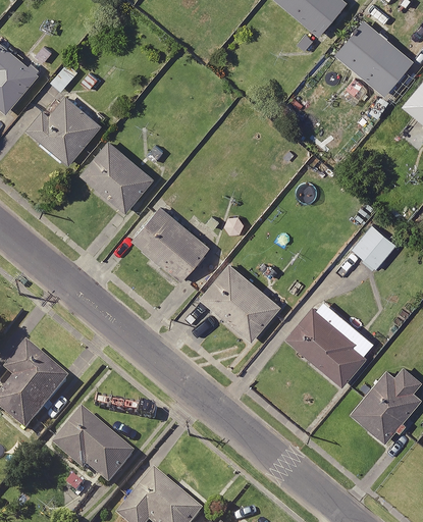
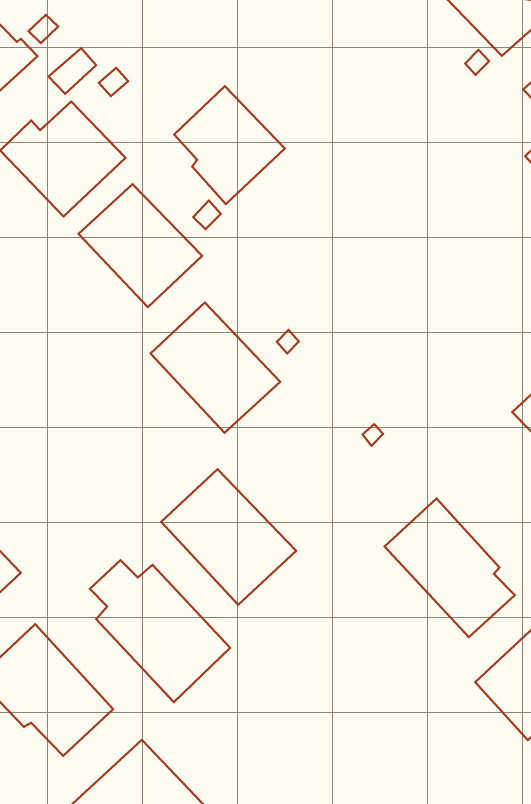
building: none -> [174,86,285,204]
building: [200,263,282,343] -> [161,469,296,605]
building: none -> [90,560,230,702]

